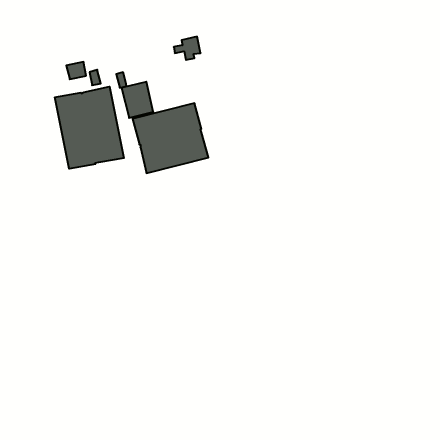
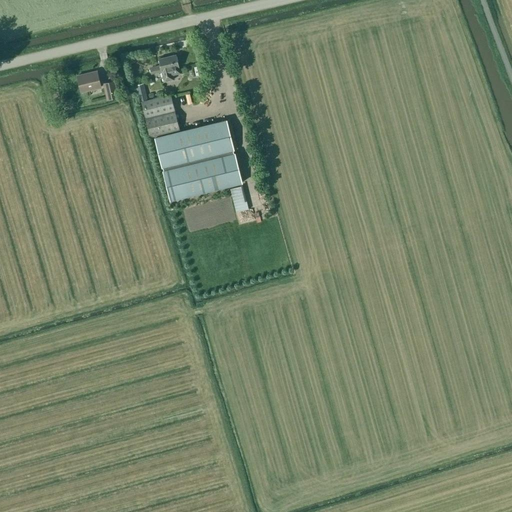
building: [174,37,201,60] -> [149,55,180,82]
building: [55,87,124,169] -> none

